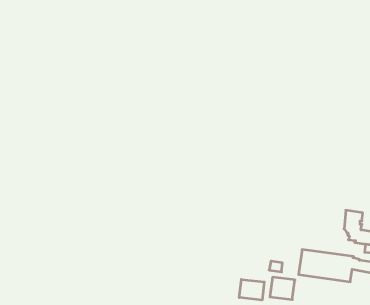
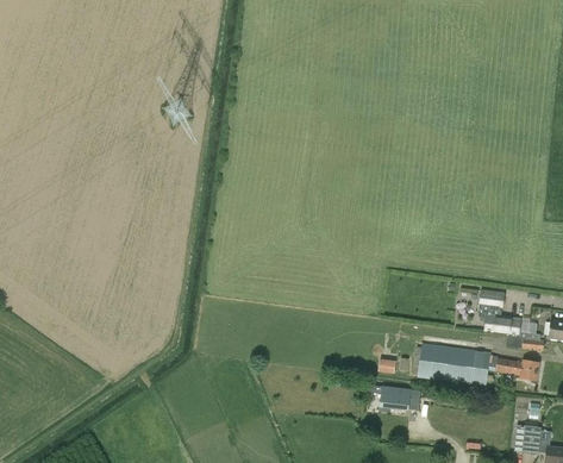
building: [239,279,264,300] -> none

